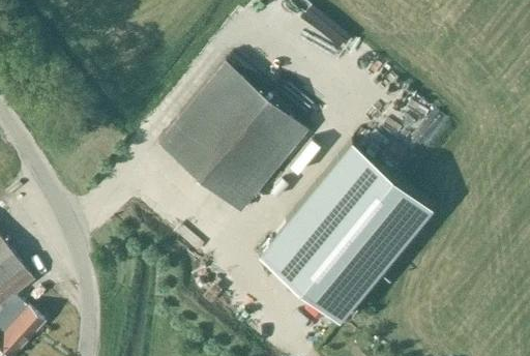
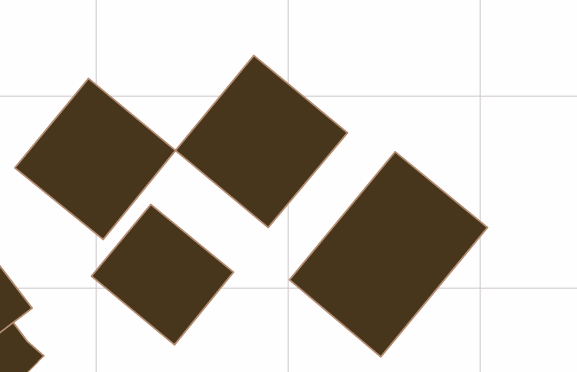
building: none -> [15,79,176,239]
building: none -> [92,204,234,345]

